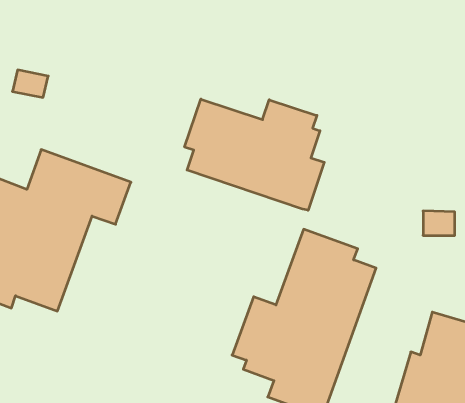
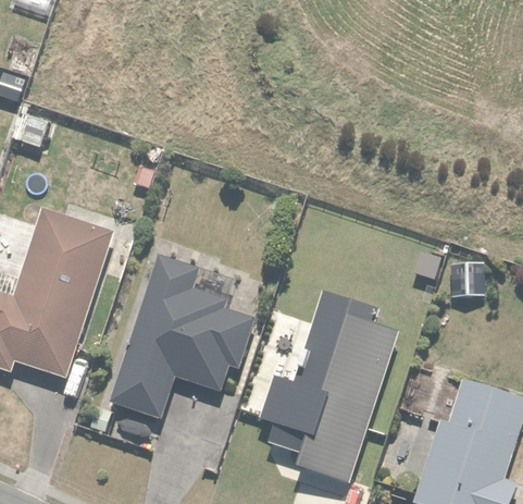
building: [185,99,324,210] -> none
building: none -> [110,254,254,419]

